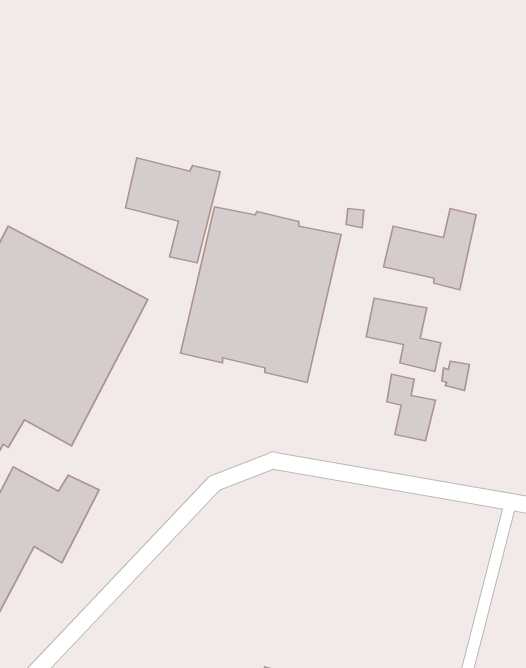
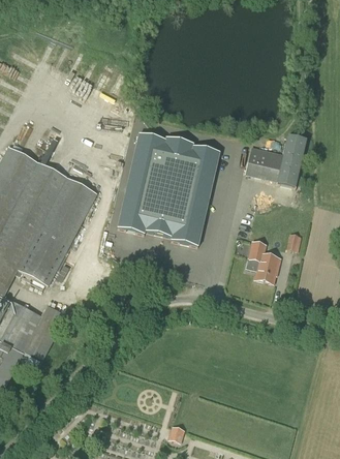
building: [125,158,220,263] -> none
building: [366,298,441,371] -> none

